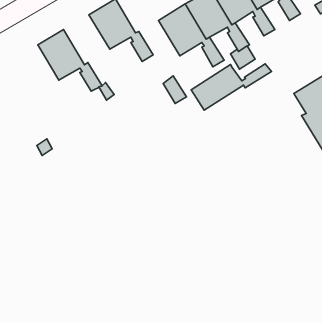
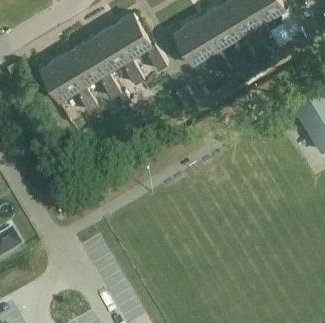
building: none -> [86,30,144,86]
building: none -> [39,57,98,113]
building: [191,64,272,110] -> none

